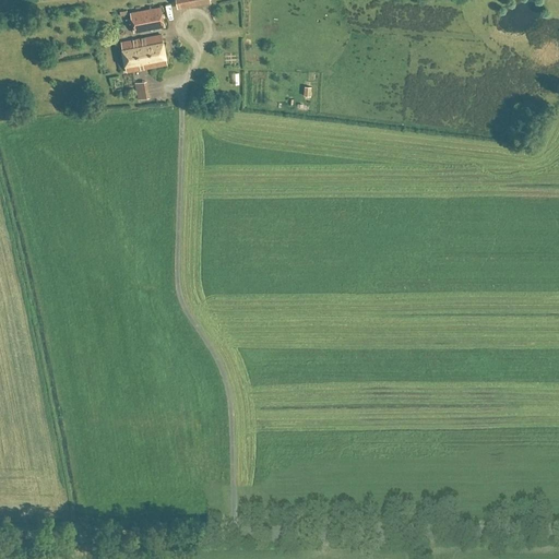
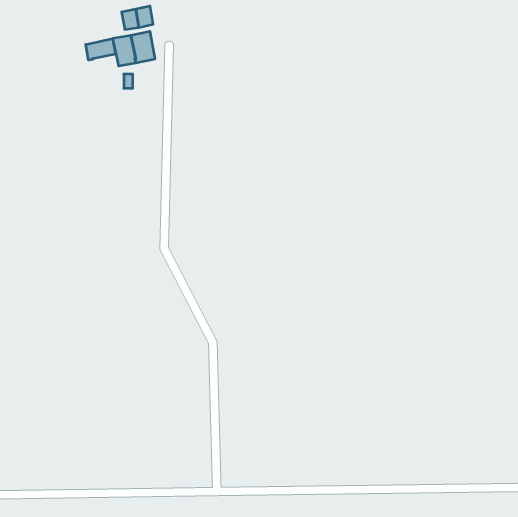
building: none -> [86,39,115,60]

